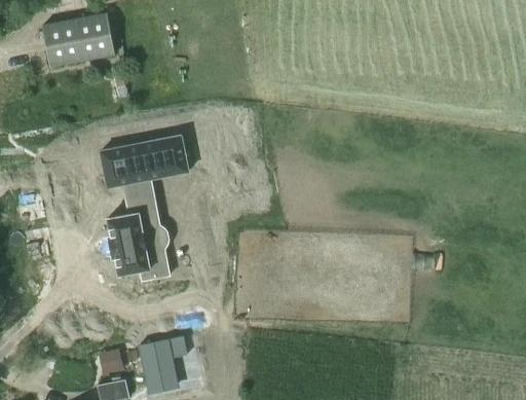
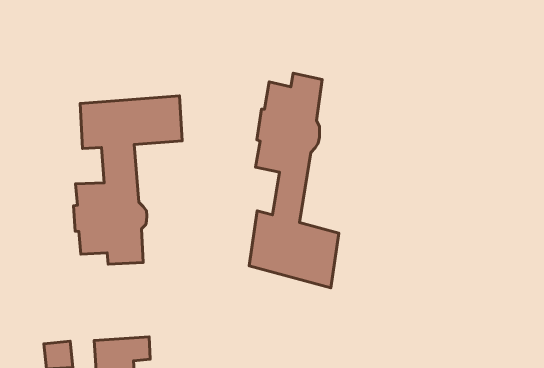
building: none -> [249,73,339,288]

